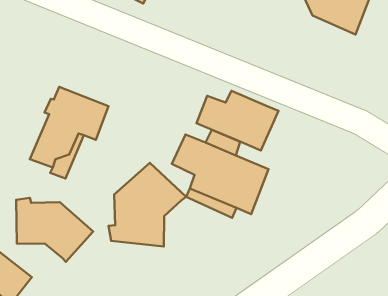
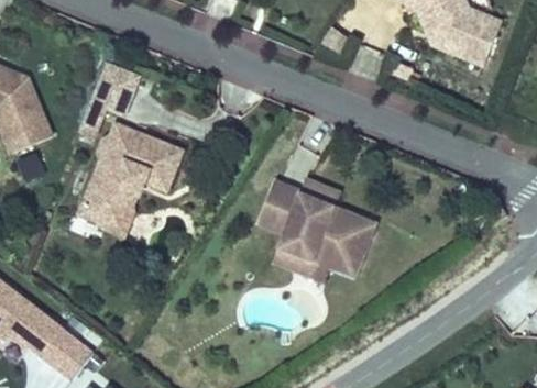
building: [197,91,279,150] -> none
building: [109,163,186,246] -> none
building: [16,198,93,262] -> none

